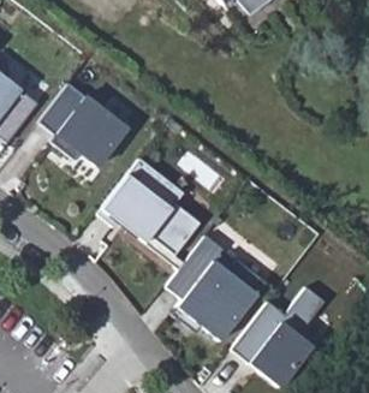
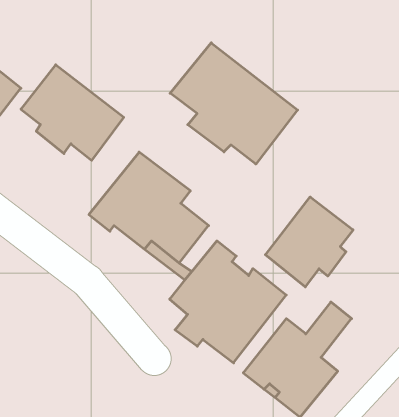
building: none -> [170,43,298,164]
building: none -> [265,197,353,287]

